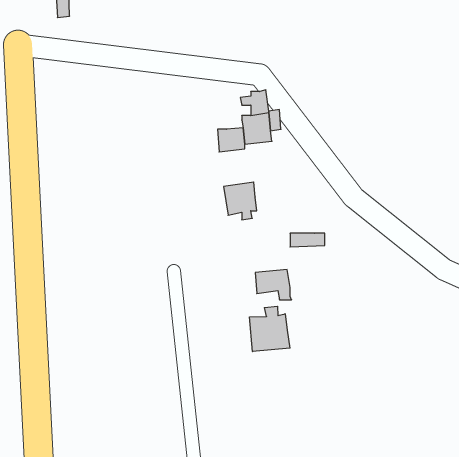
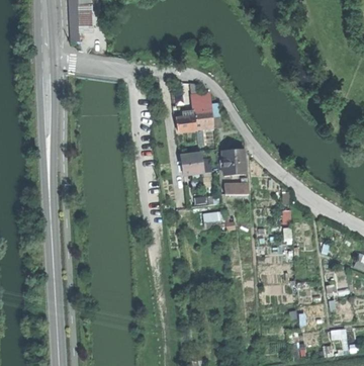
building: none -> [223,148,247,174]
building: [250,306,290,352] -> none

